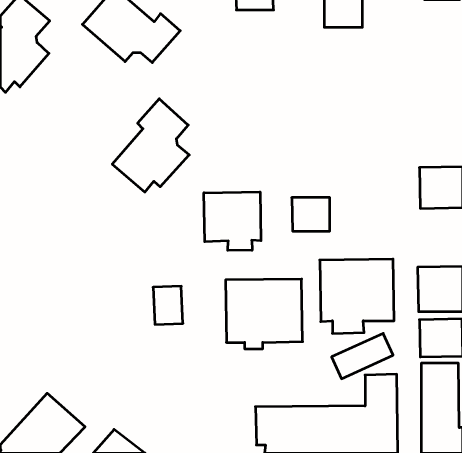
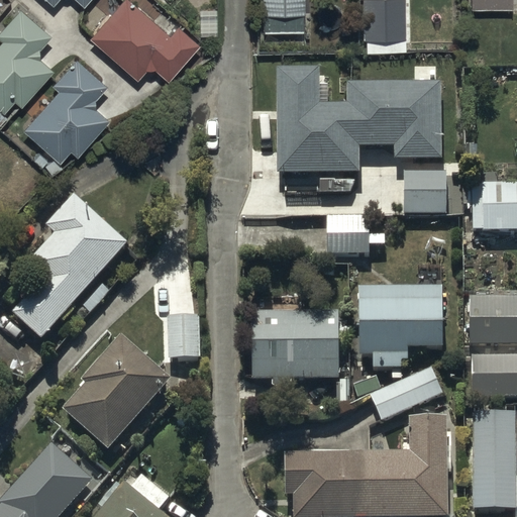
building: none -> [277,72,439,177]
building: [112,99,189,192] -> [26,46,112,150]
building: none -> [403,174,442,218]
building: none -> [17,191,132,335]
building: [204,192,261,250] -> none
building: none -> [67,330,175,445]

